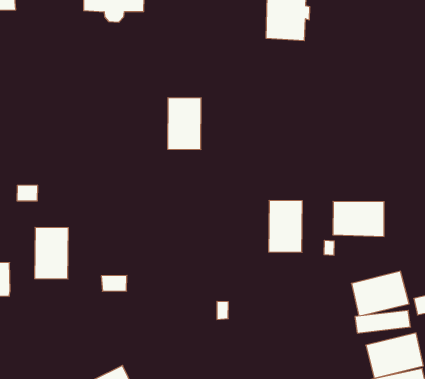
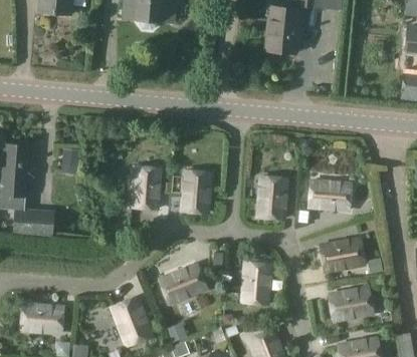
building: [168,98,201,149] -> [182,169,211,212]
building: [35,227,68,279] -> [132,165,161,208]
building: none -> [241,261,271,304]
building: none -> [160,264,207,303]

